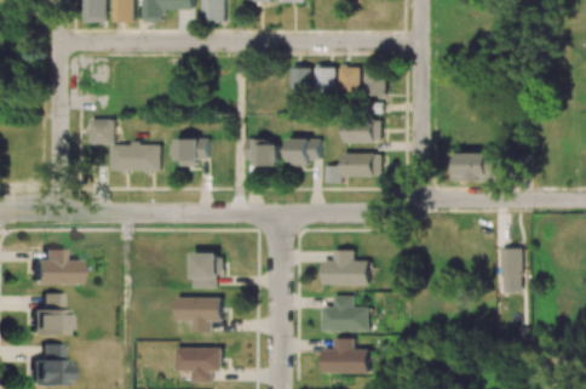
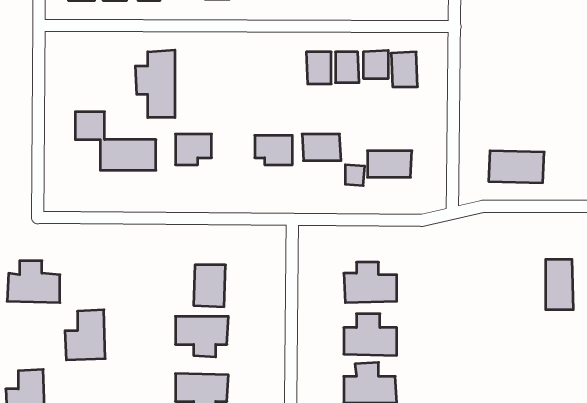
building: none -> [135,50,175,118]
building: [343,120,381,143] -> none
building: [28,293,63,337] -> [65,310,105,360]

